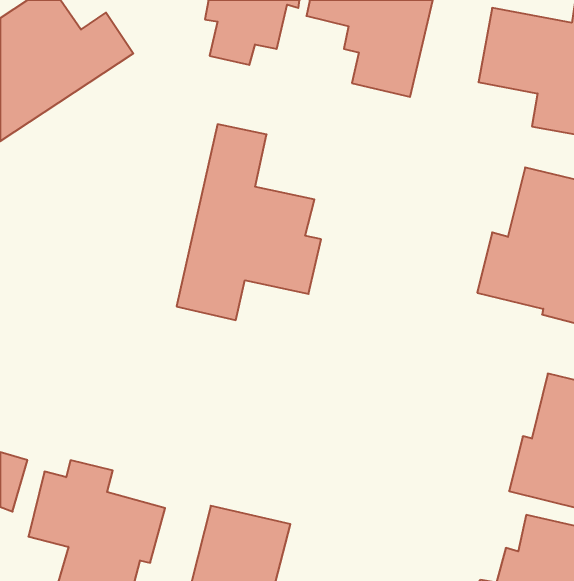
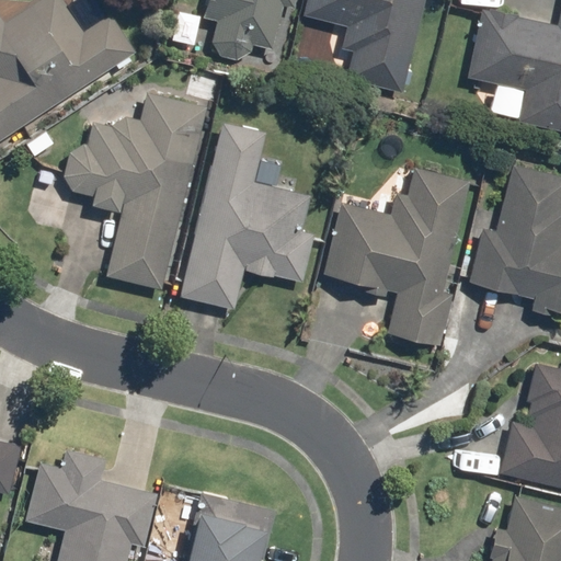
building: none -> [54,91,206,290]
building: none -> [321,165,468,346]

